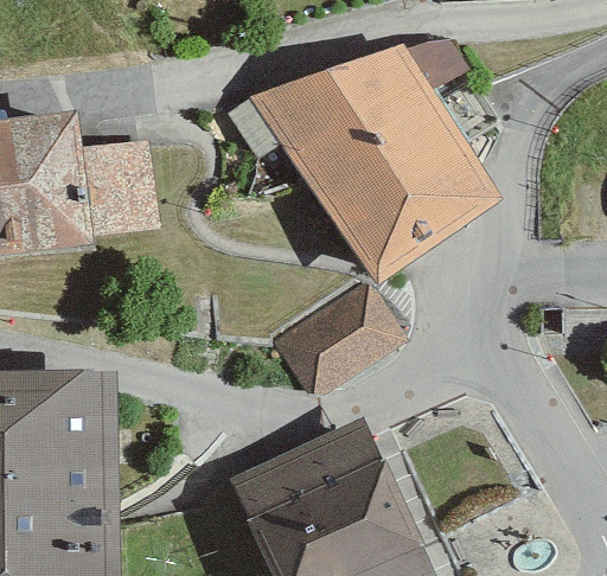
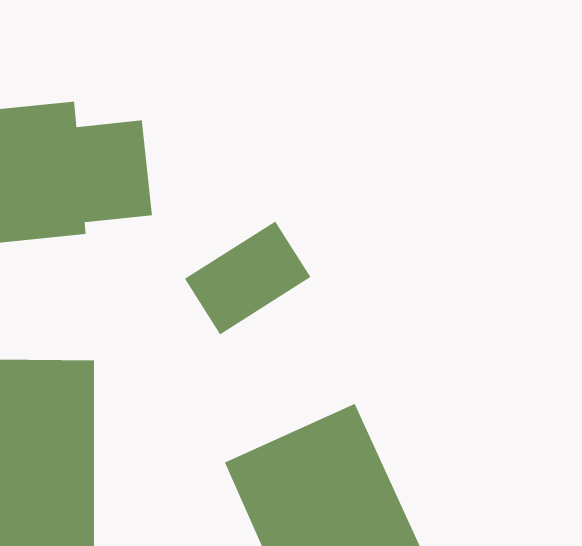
building: [261,58,491,267] -> none
building: [279,275,409,392] -> [184,220,312,335]

